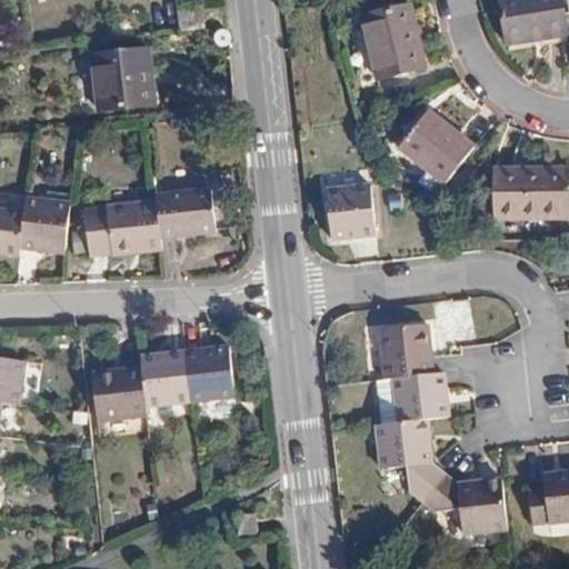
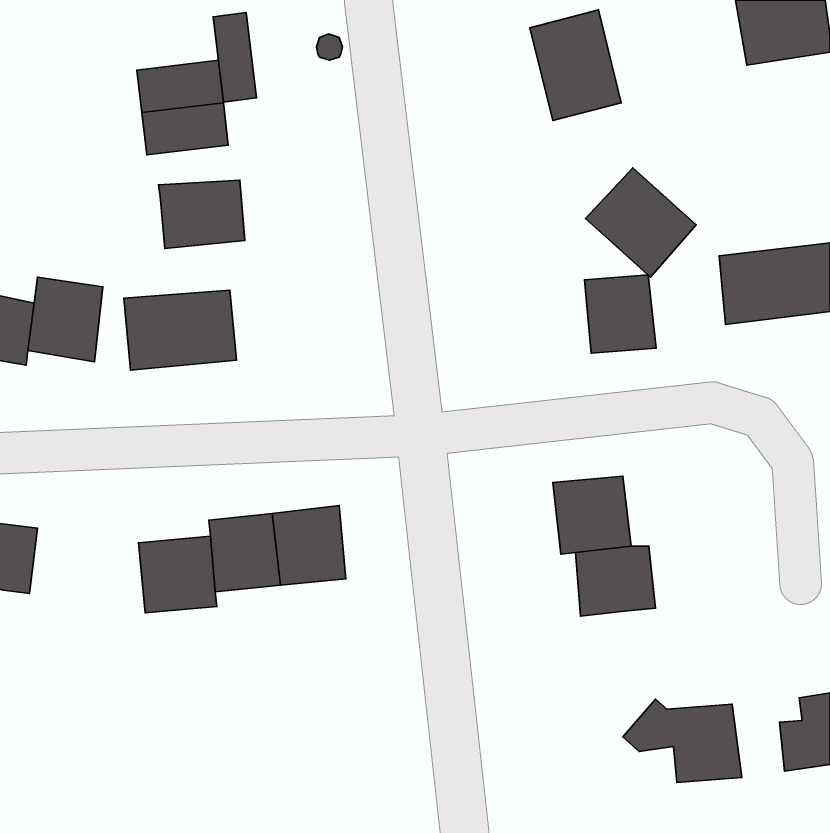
building: none -> [213,13,256,102]
building: [156,187,214,233] -> [158,180,245,249]
building: [325,188,373,241] -> [585,275,656,353]
building: [373,417,447,502] -> none

